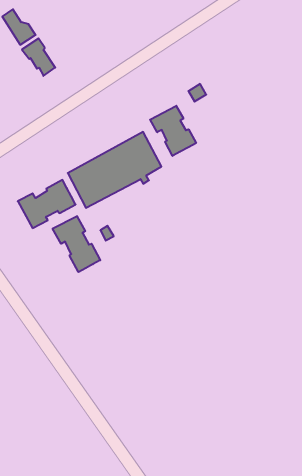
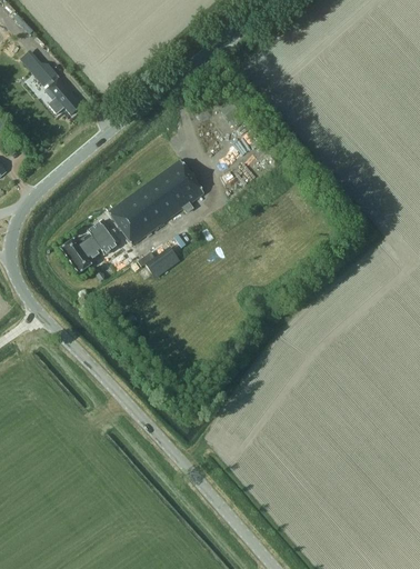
building: [150,106,196,156] -> none
building: [53,216,100,272] -> none

